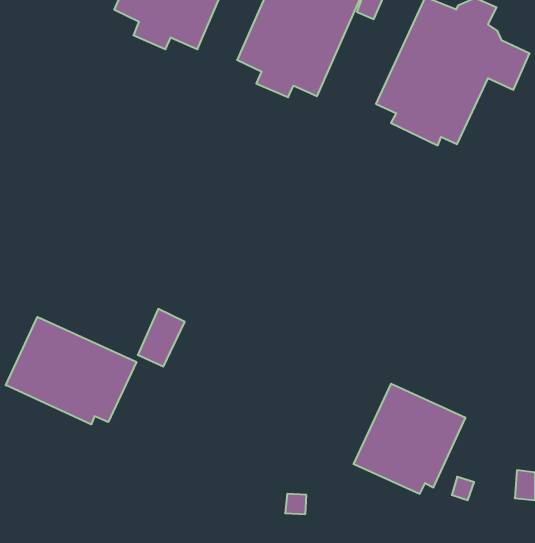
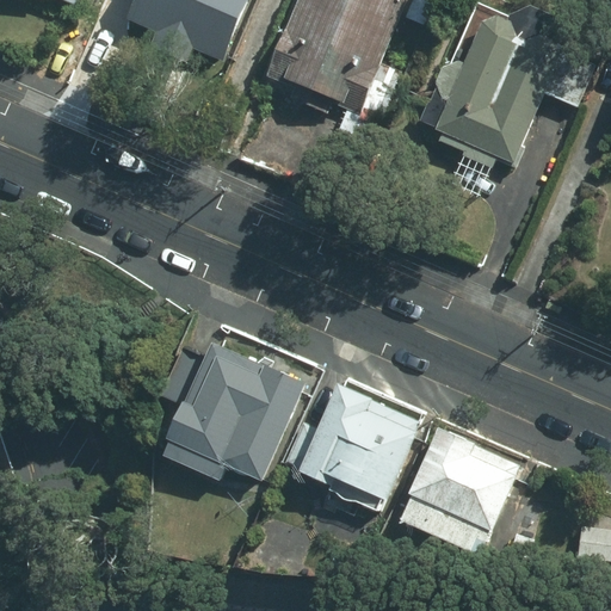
building: none -> [165,347,304,482]
building: [6,317,136,424] -> none
building: none -> [279,385,422,512]

